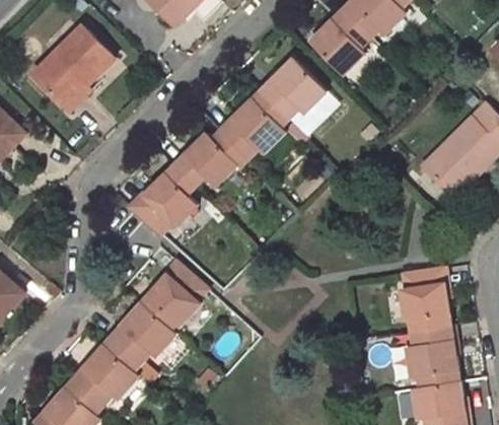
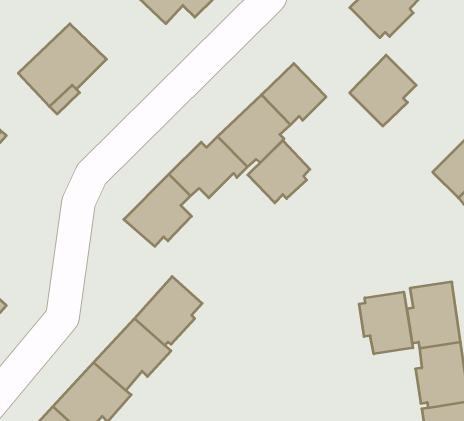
building: [310,9,373,76] -> [350,55,416,126]
building: none -> [248,140,310,203]
building: none -> [359,292,413,354]

